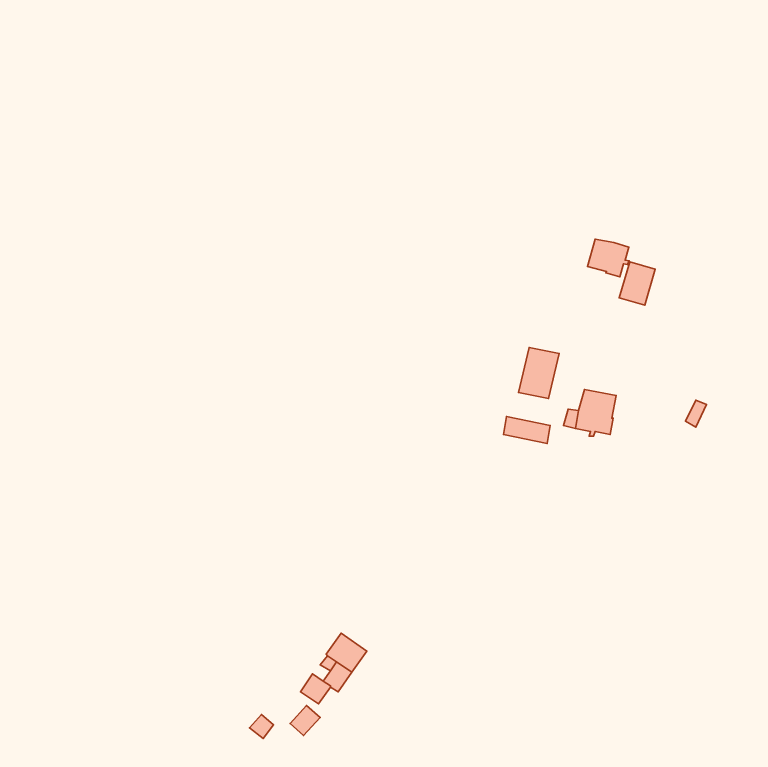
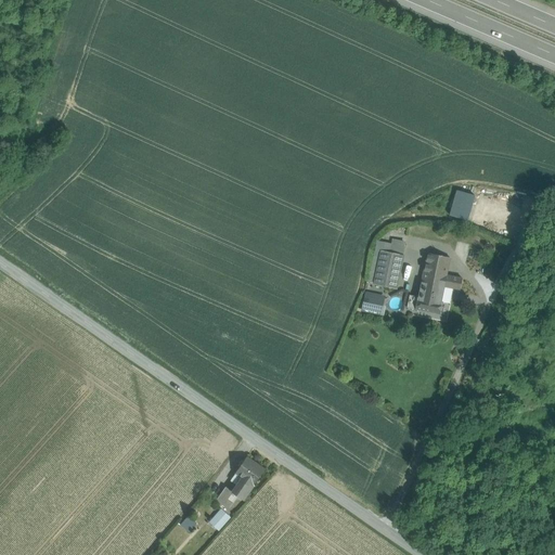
building: [587,239,629,277] -> none
building: none -> [422,253,462,288]

